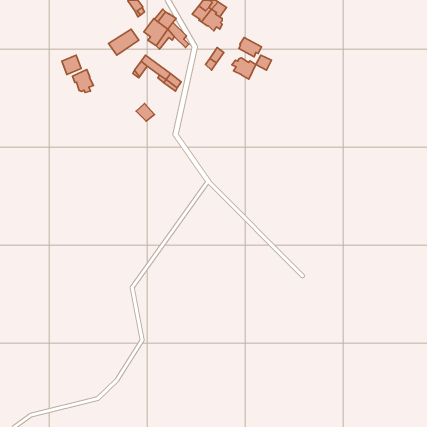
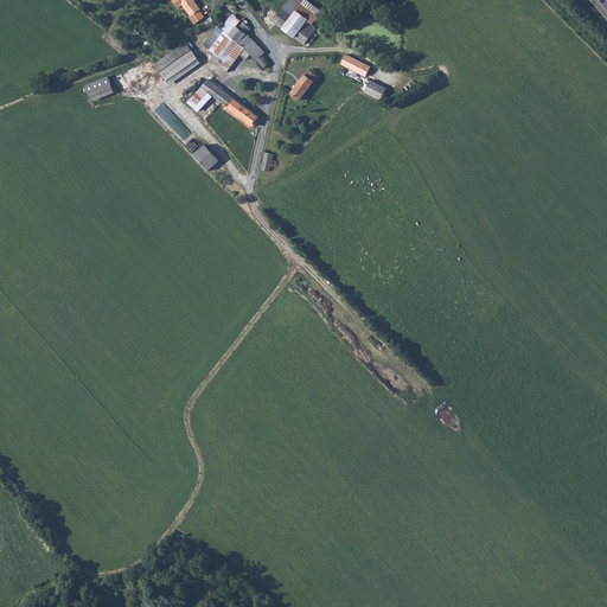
building: [232,58,256,79] -> none
building: [72,69,93,92] -> none

